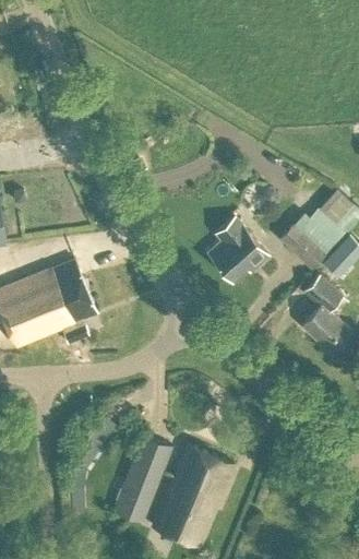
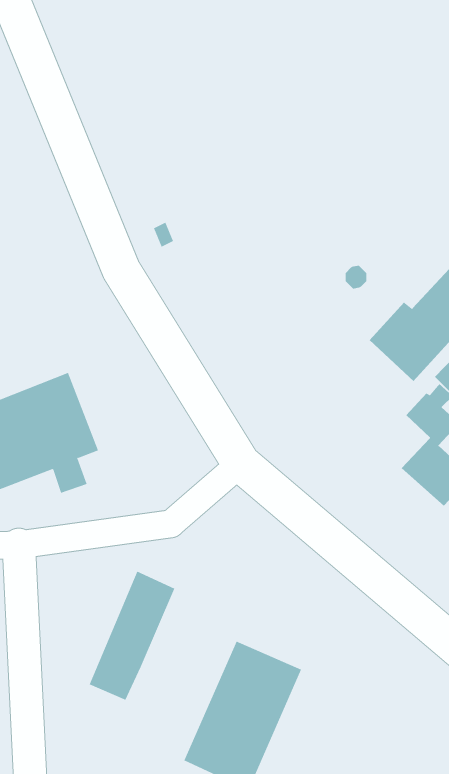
building: [206,216,266,281] -> none
building: [113,435,172,523] -> [89,571,175,700]

